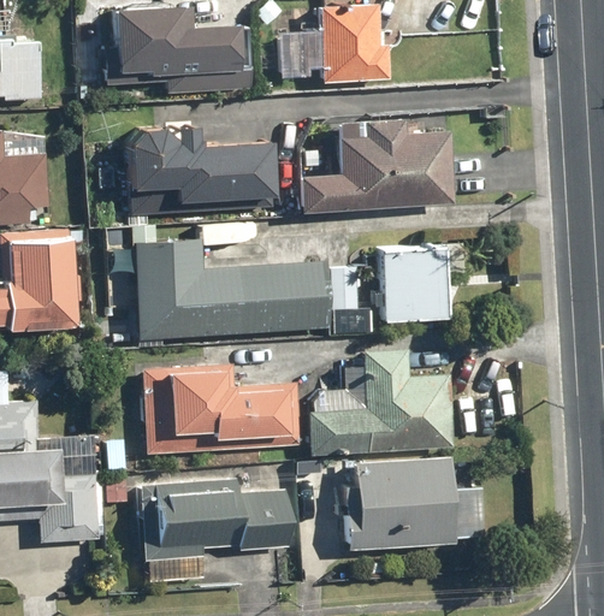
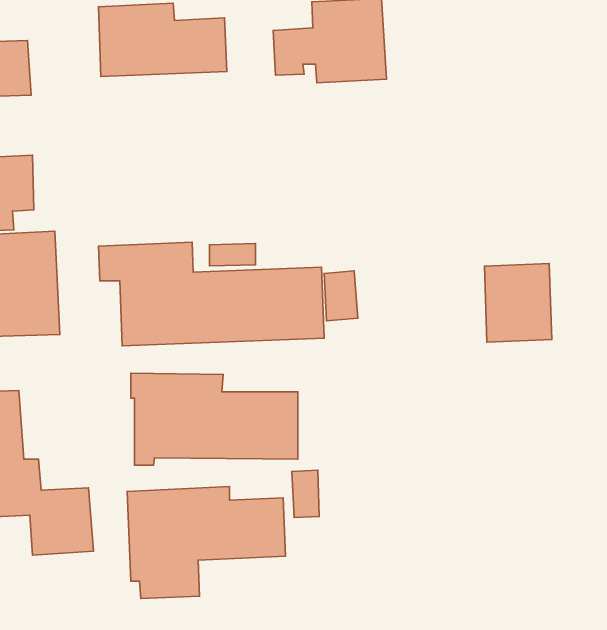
building: [297,119,452,212] -> none
building: [126,130,270,201] -> none
building: [381,248,446,324] -> [484,264,552,342]
building: [308,351,454,456] -> none
building: [343,460,480,549] -> none

